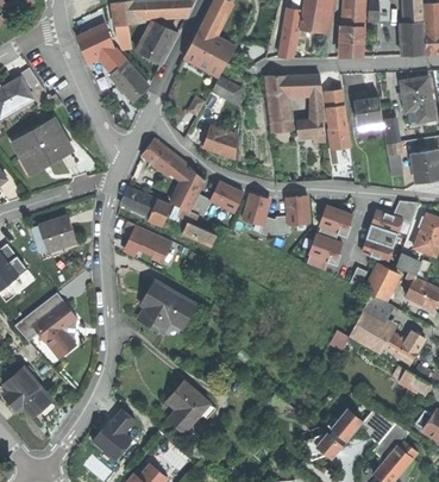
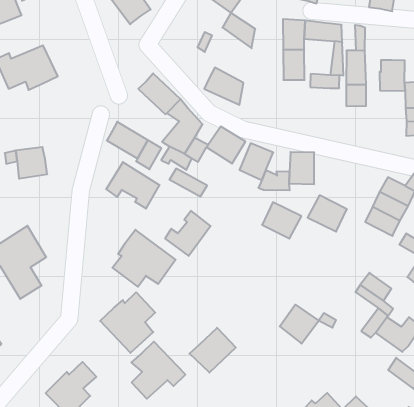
building: [320,202,355,233] -> [262,202,301,239]
building: none -> [165,211,211,256]
building: [364,263,397,300] -> none
building: [349,314,383,349] -> [280,305,319,344]
building: none -> [100,292,155,353]
building: none -> [189,328,236,373]

